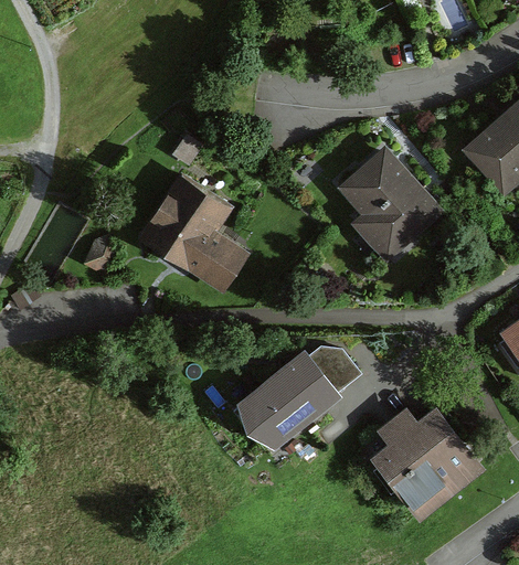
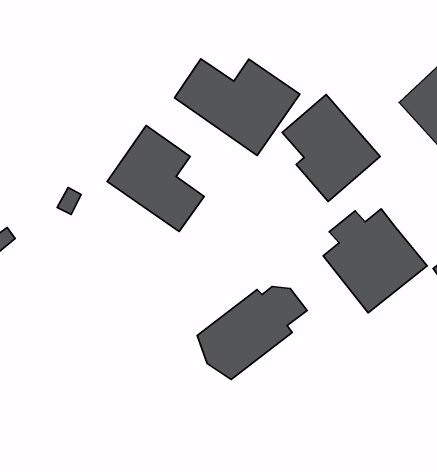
building: none -> [174,59,300,156]
building: [370,398,485,513] -> [323,209,427,313]

